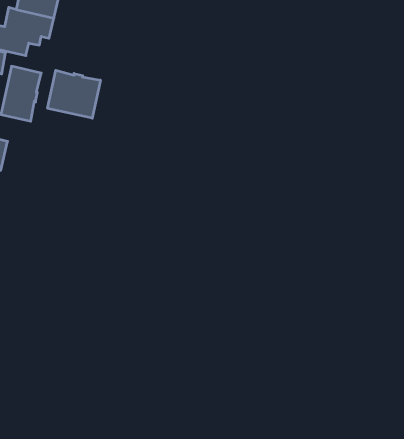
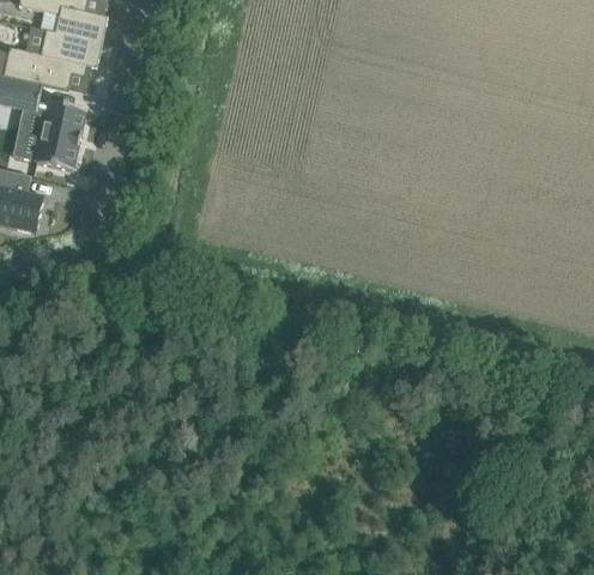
building: [48,70,100,118] -> none

